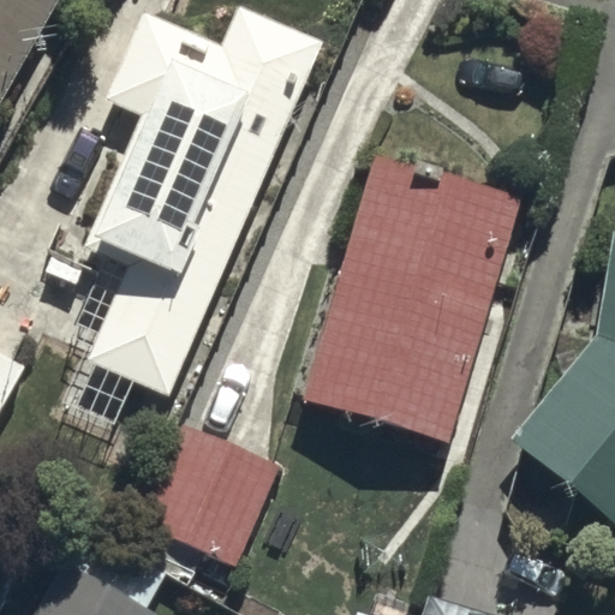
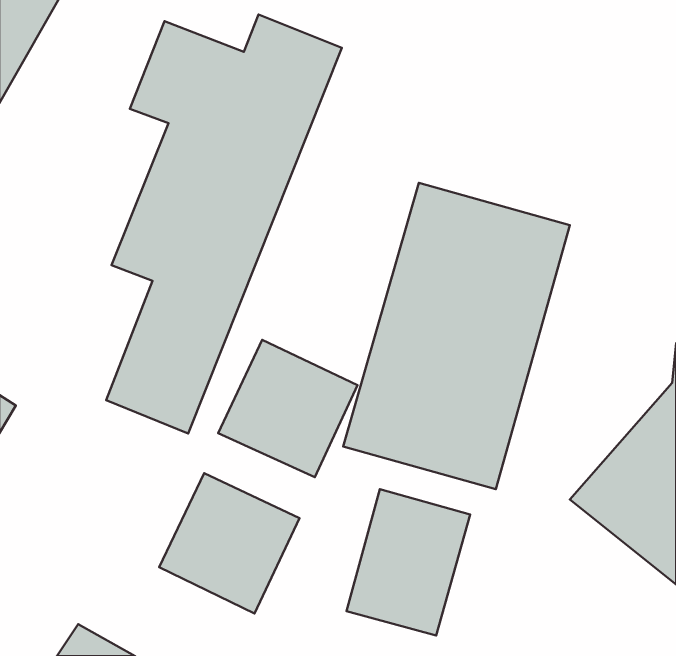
building: none -> [218,340,358,477]
building: none -> [347,489,470,635]

